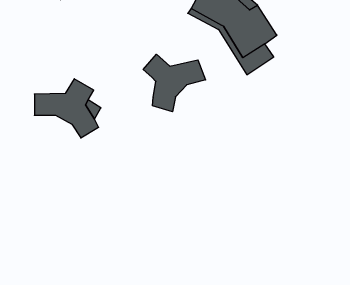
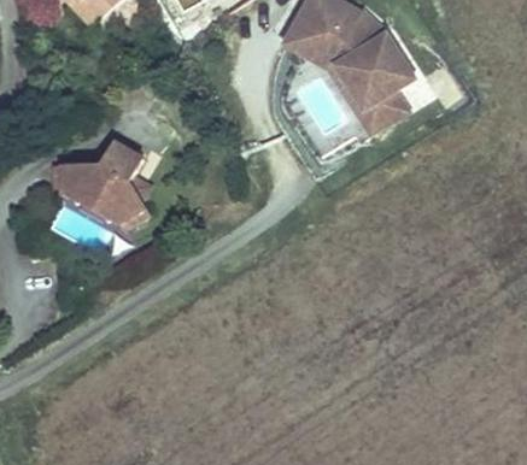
building: [143,54,206,112] -> none

